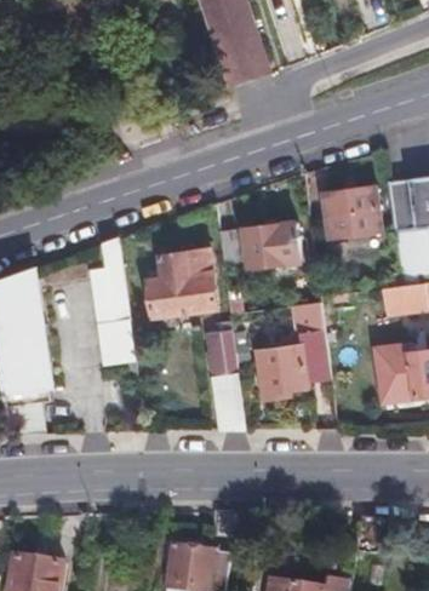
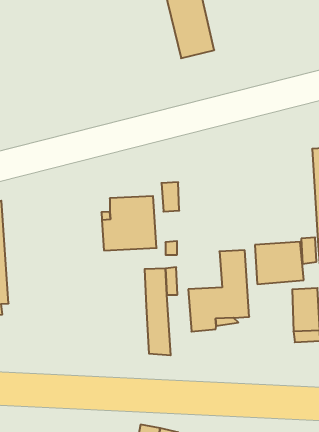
building: [322,185,382,237] -> [255,242,304,284]
building: [242,218,301,266] -> none
building: [87,241,133,365] -> none

